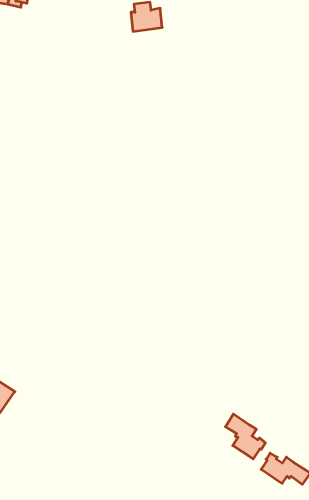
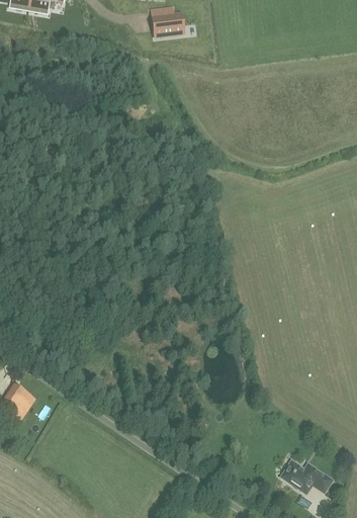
building: [225,414,265,459] -> none

